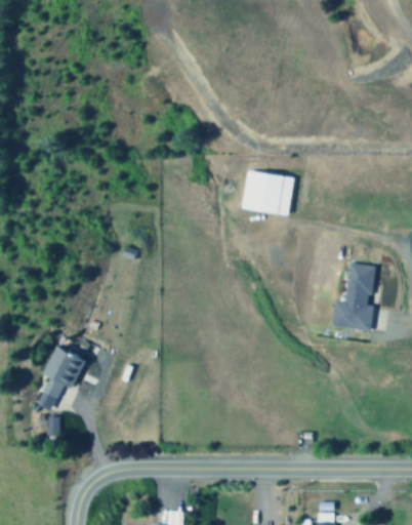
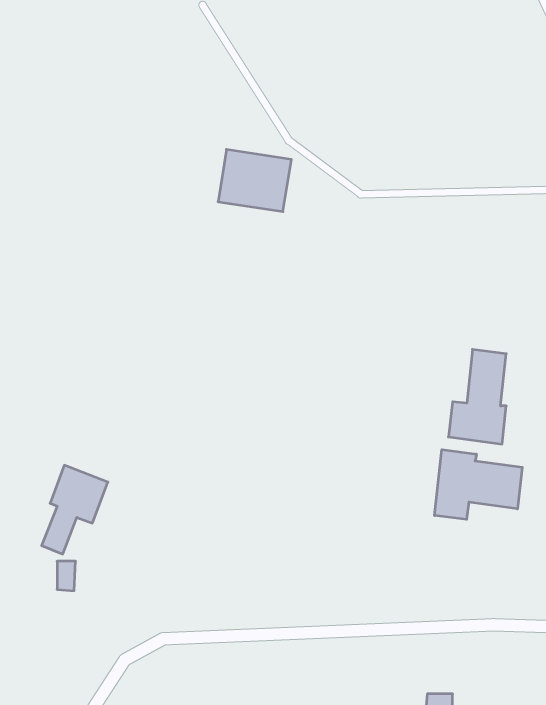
building: [240,170,293,215] -> [218,149,291,212]
building: none -> [435,450,522,519]

